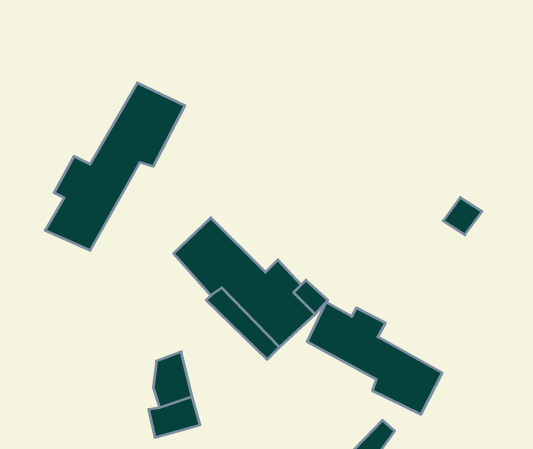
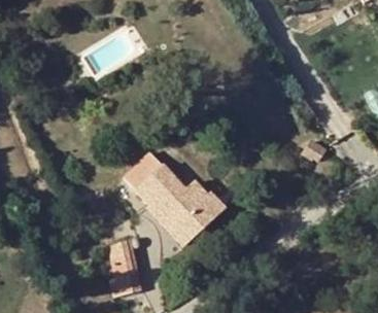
building: [45,83,185,250] -> none
building: [307,302,442,414] -> none

